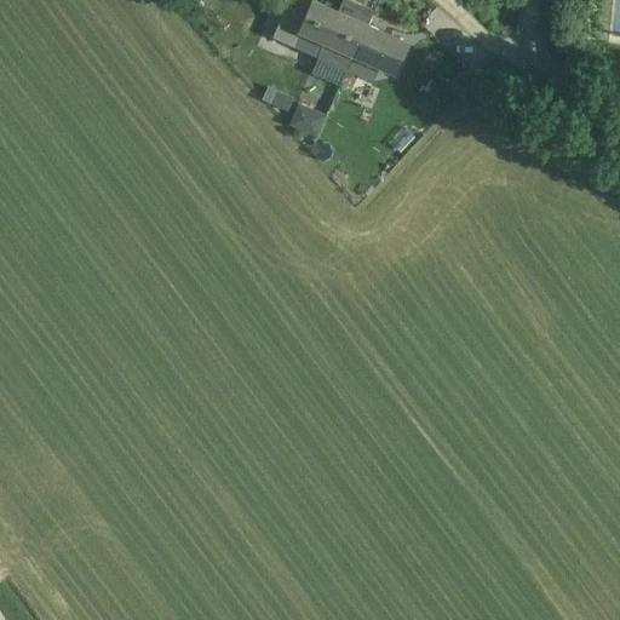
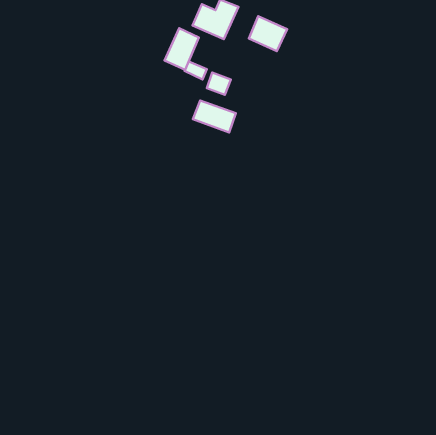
building: [318,12,367,71] -> [165,28,199,70]
building: none -> [193,100,236,132]

